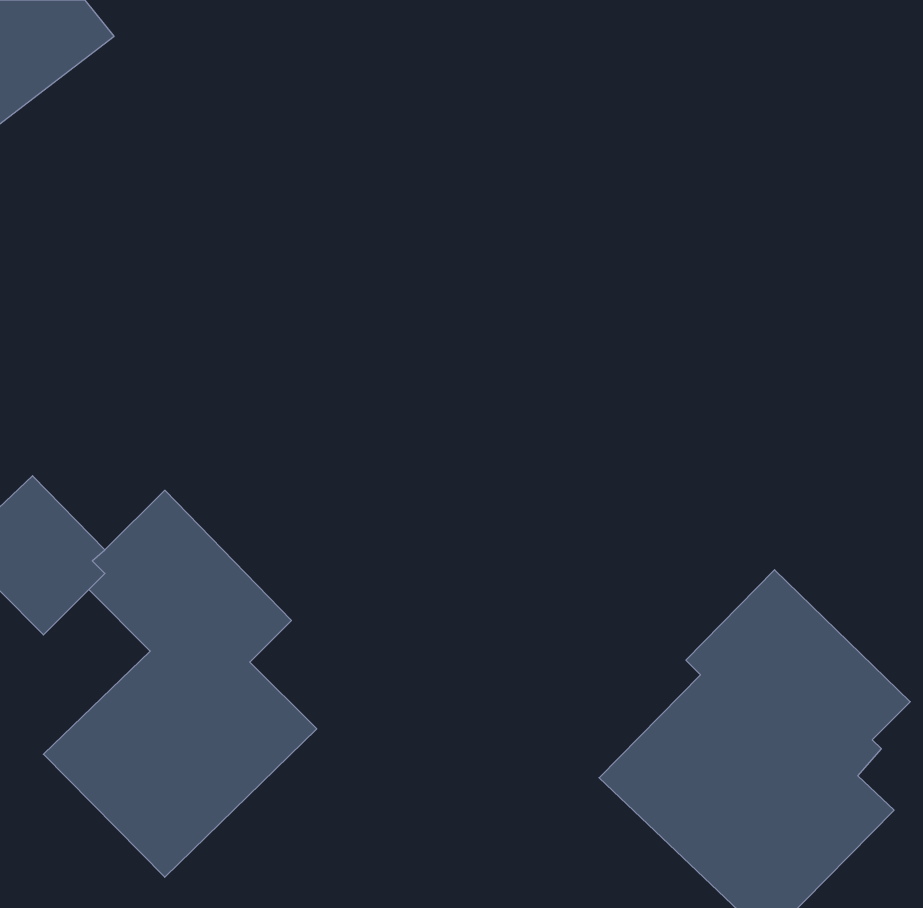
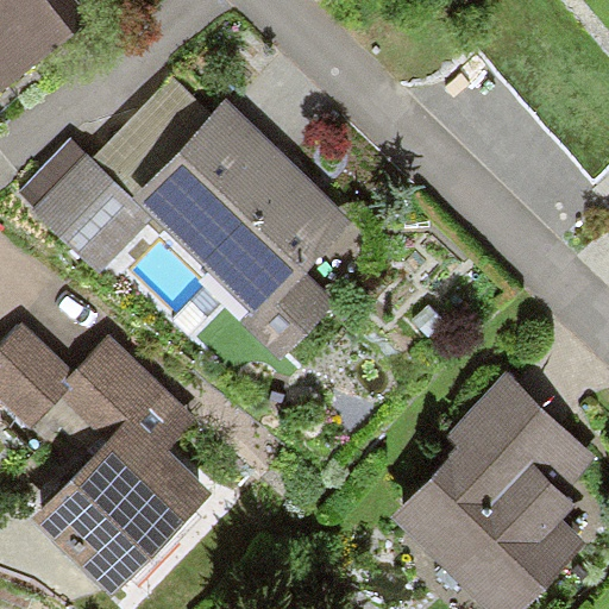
building: none -> [133,95,350,353]
building: none -> [17,142,152,275]

